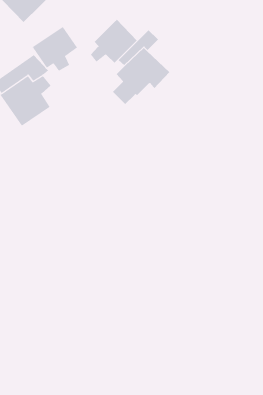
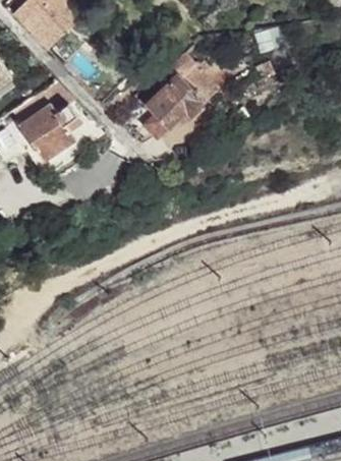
building: [90,19,137,63] -> none
building: [32,26,78,72] -> none

